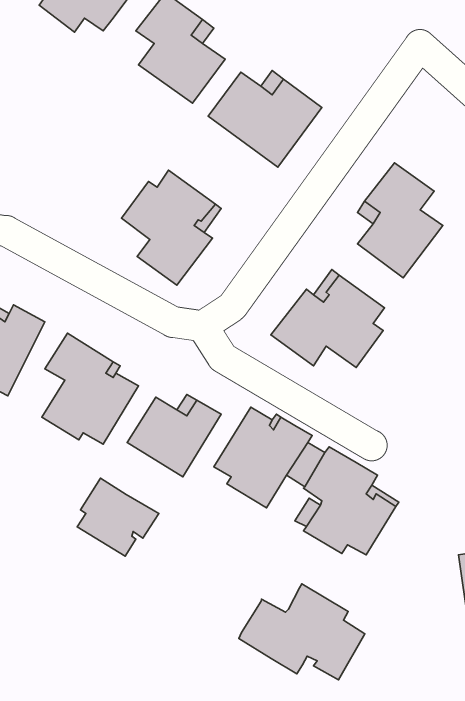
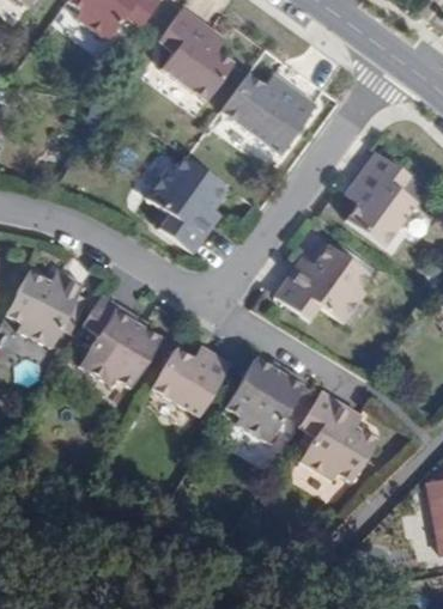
building: [77,478,159,556] -> none
building: [239,584,365,680] -> none

